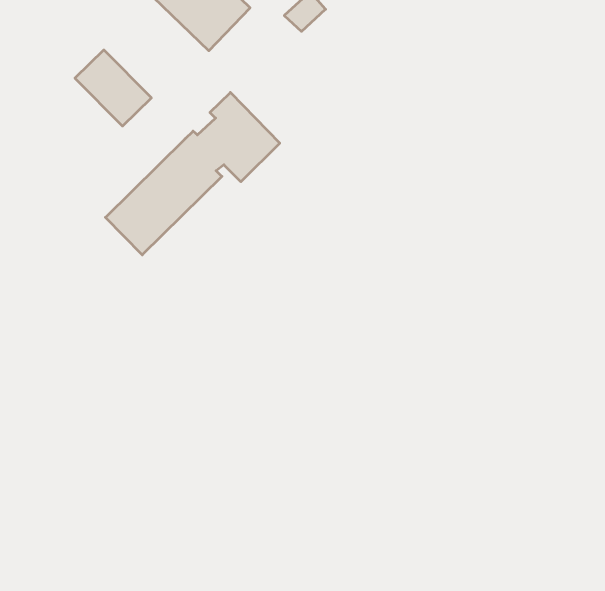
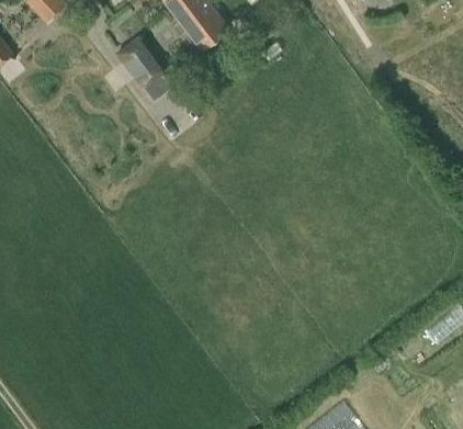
building: [105,92,280,255] -> none

